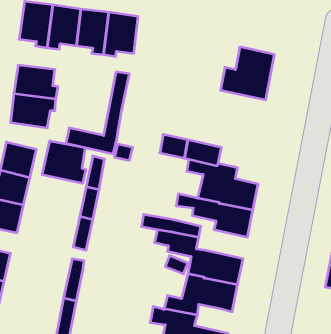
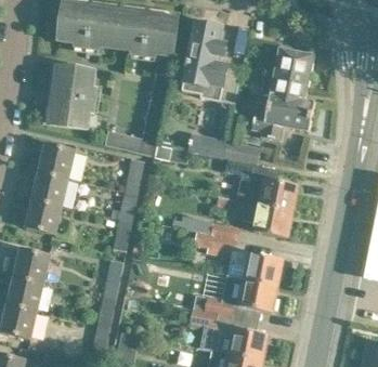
building: none -> [181,22,242,104]
building: none -> [251,91,314,141]
building: [42,141,86,183] -> none

